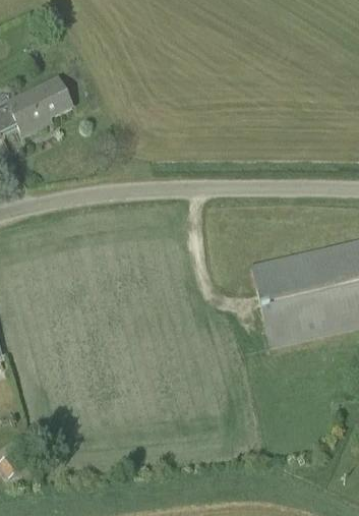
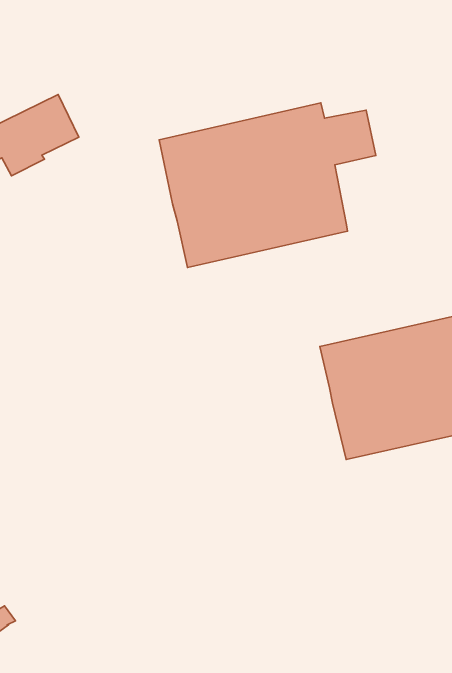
building: none -> [159,103,376,267]

